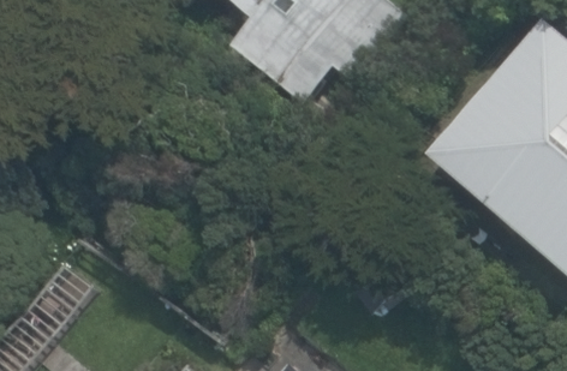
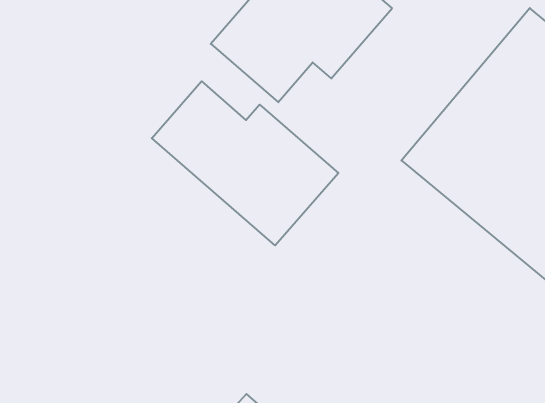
building: none -> [152,81,338,245]

